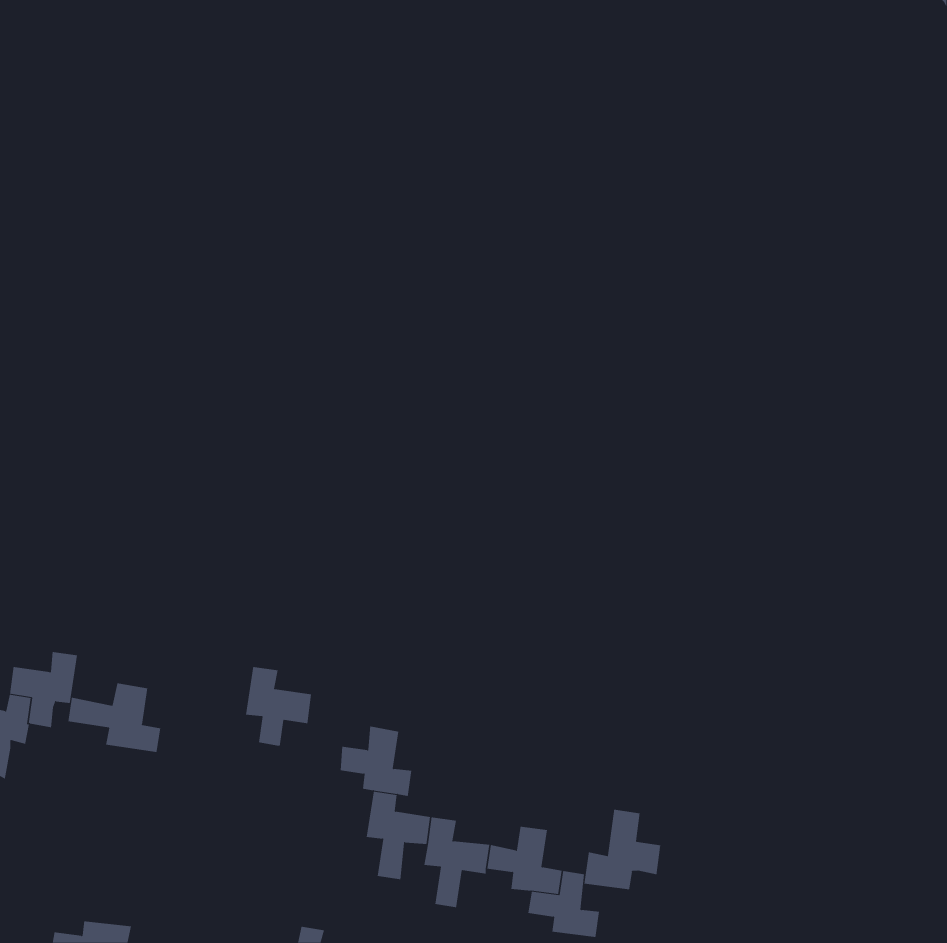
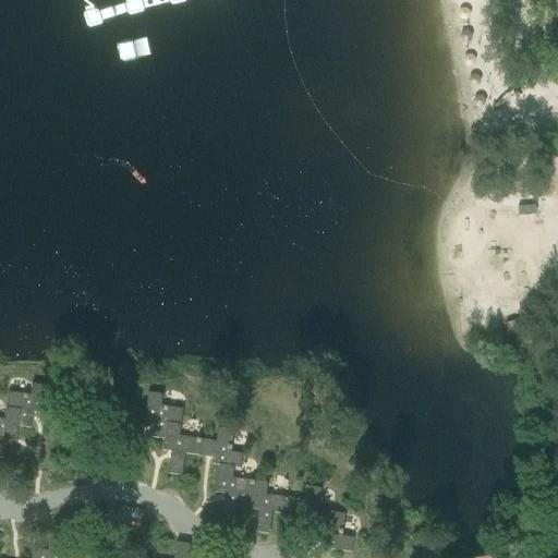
building: [68,683,161,753] -> none
building: none -> [162,423,201,475]
building: [584,809,661,890] -> none

